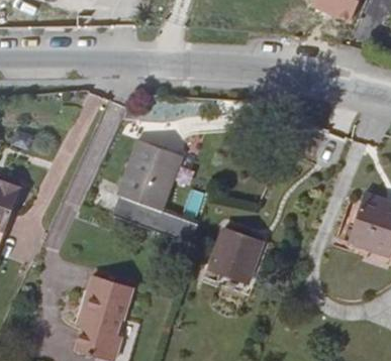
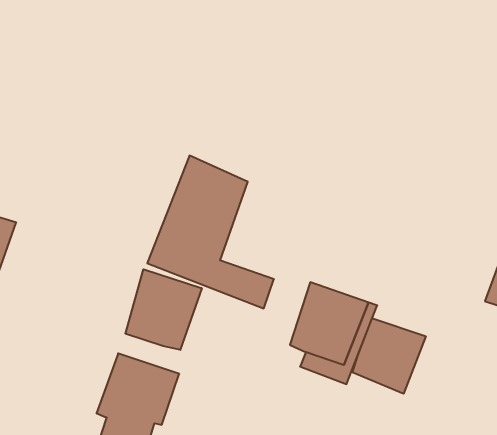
building: none -> [125,269,202,350]
building: none -> [353,318,426,394]

